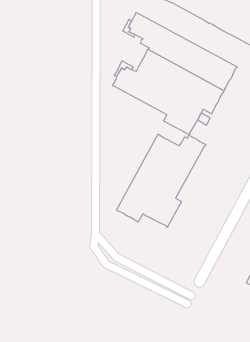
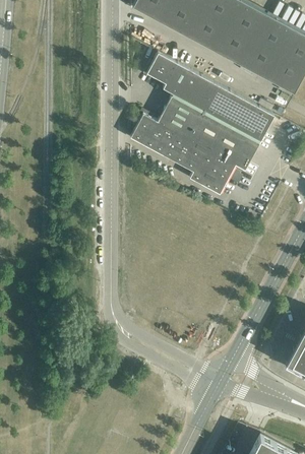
building: [116,134,206,227] -> none

